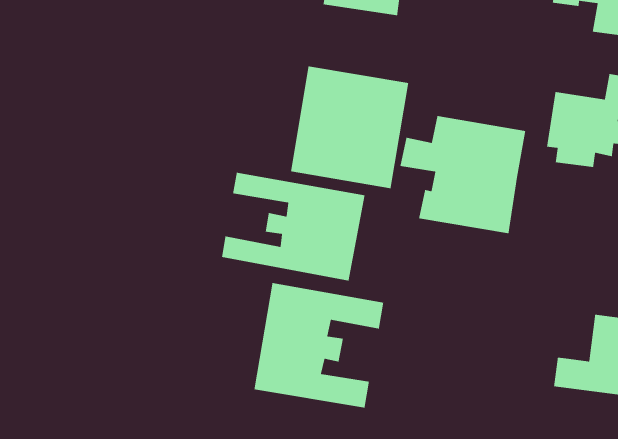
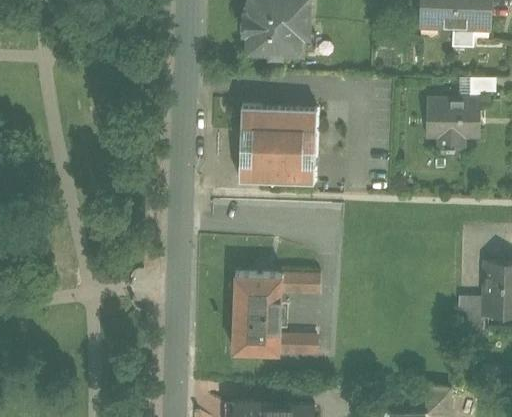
building: [399,115,526,234] -> none
building: [221,172,366,281] -> none

